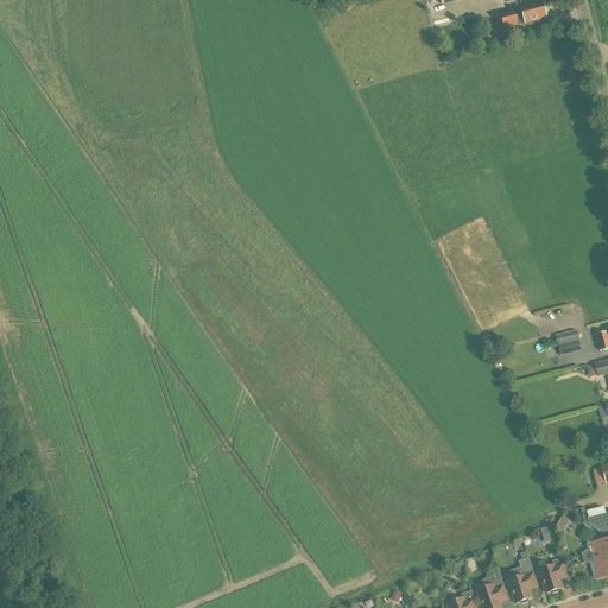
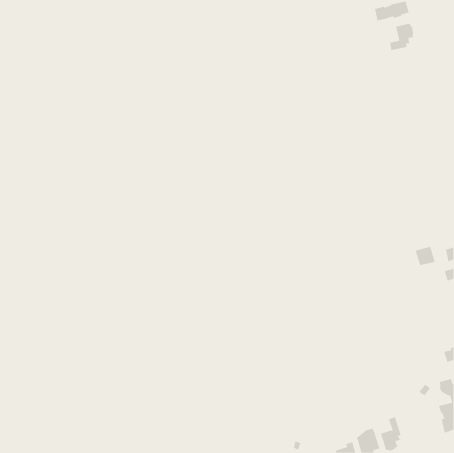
building: none -> [390,23,414,51]
building: [539,557,568,593] -> none

